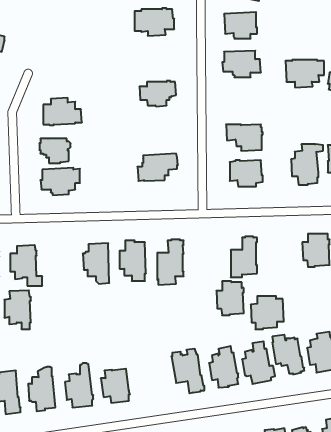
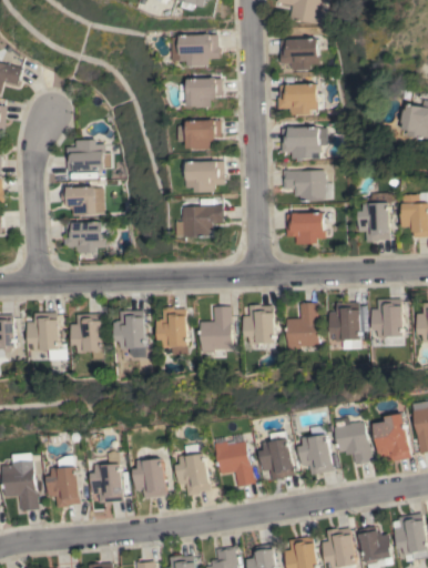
building: none -> [188,78,223,108]
building: [285,60,324,87] -> [281,128,326,160]
building: none -> [187,161,226,193]
building: [216,281,244,315] -> [243,305,275,345]
building: [4,290,31,329] -> [71,314,102,359]
building: [251,296,284,329] -> [329,303,368,342]
building: none -> [177,445,212,496]

